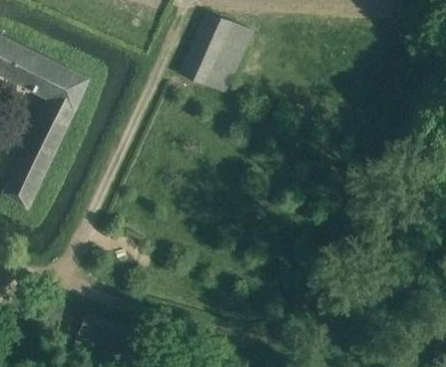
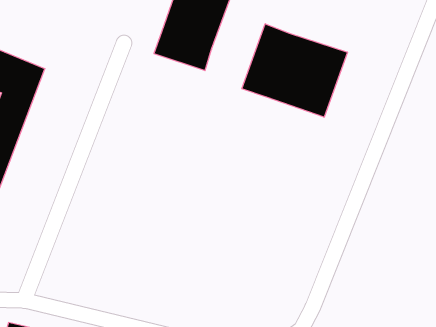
building: none -> [242,24,347,117]

